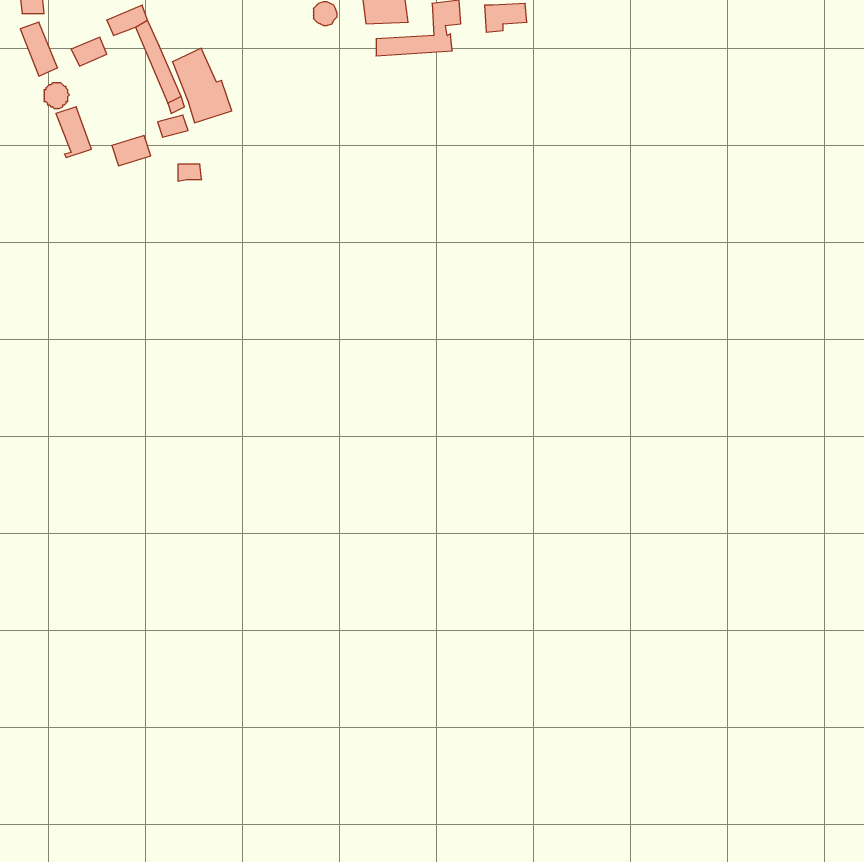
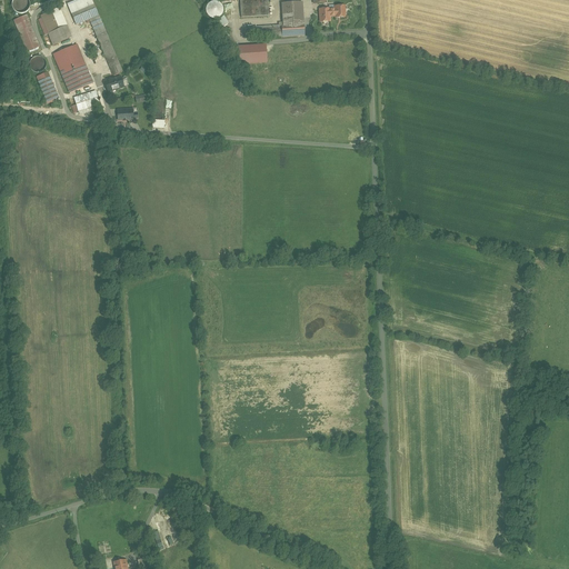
building: [172,48,232,123] -> [56,42,94,91]
building: none -> [238,43,267,62]

